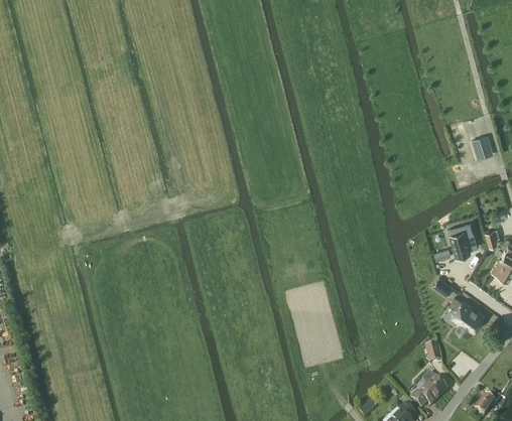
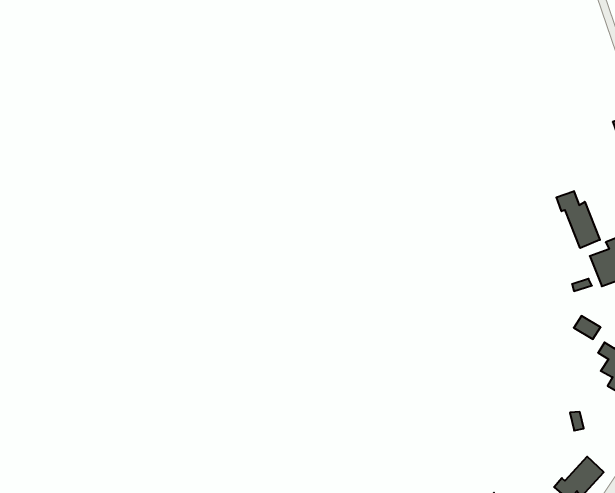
building: none -> [556,191,600,248]

